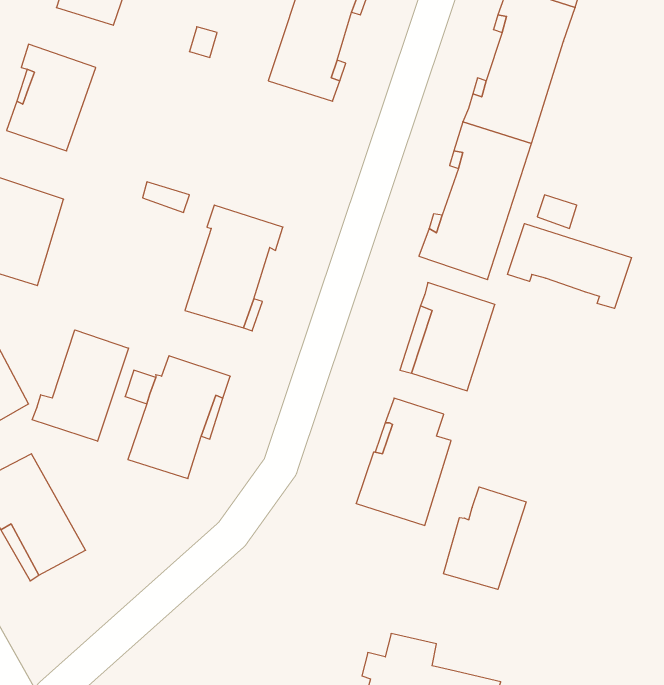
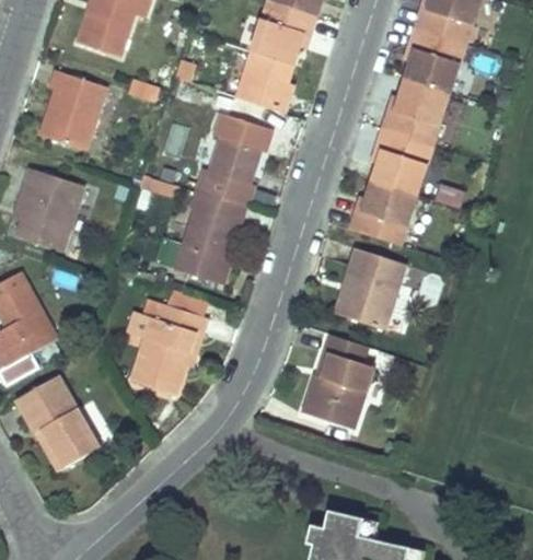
building: none -> [195,113,270,207]
building: [508,224,631,308] -> none
building: [32,330,129,441] -> none
building: [443,487,526,589] -> none

